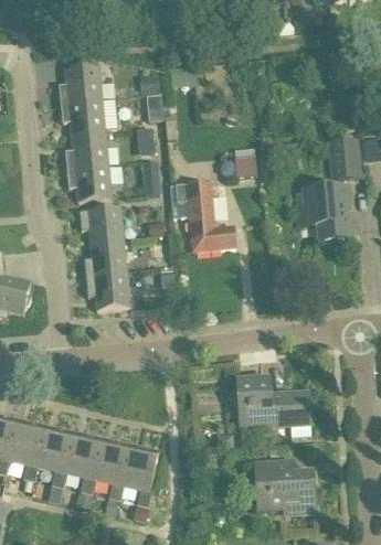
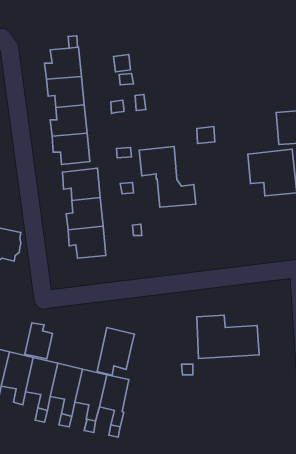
building: none -> [25,323,52,359]
building: none -> [97,328,134,375]
building: [254,462,314,513] -> none

